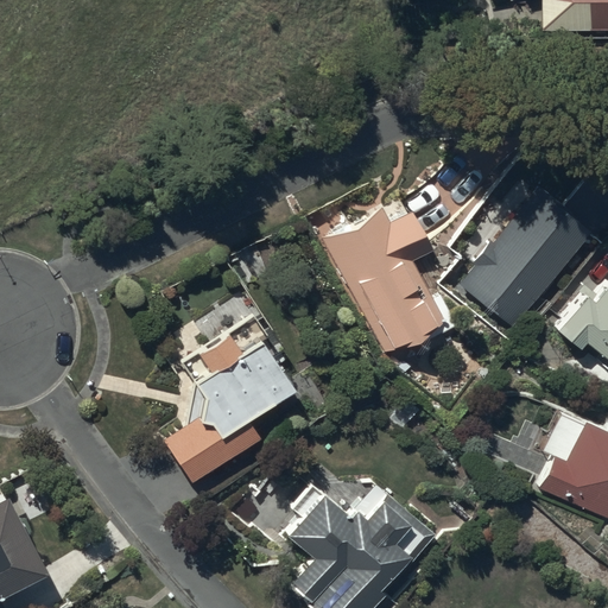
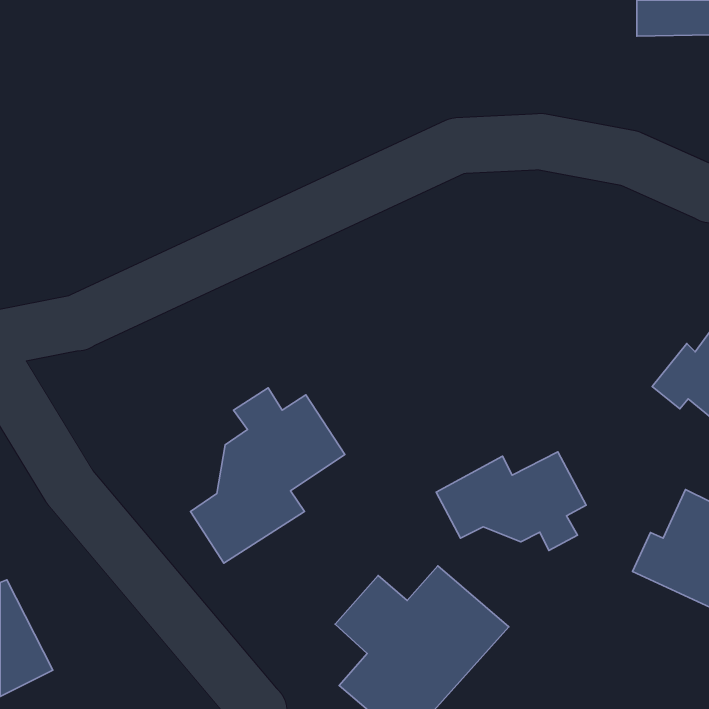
building: [461,189,593,325] -> none
building: [322,207,445,354] -> none
building: none -> [436,452,586,551]

